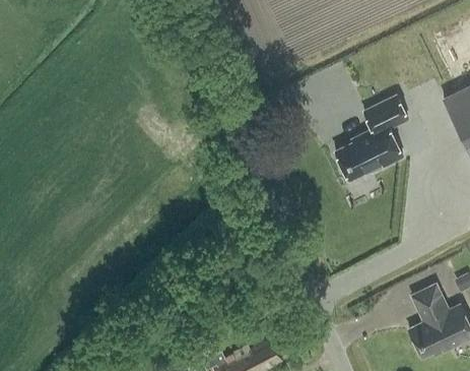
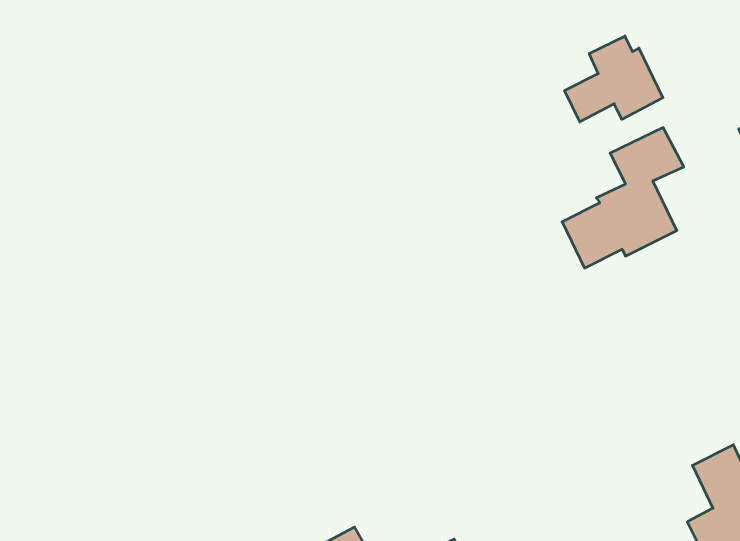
building: none -> [565,36,663,122]

